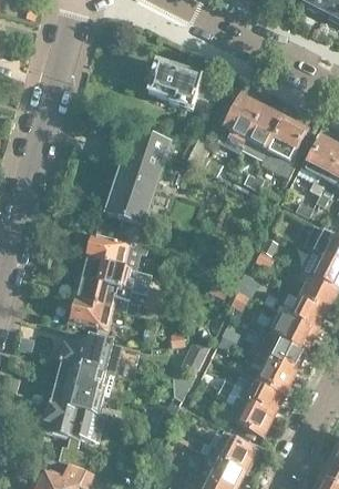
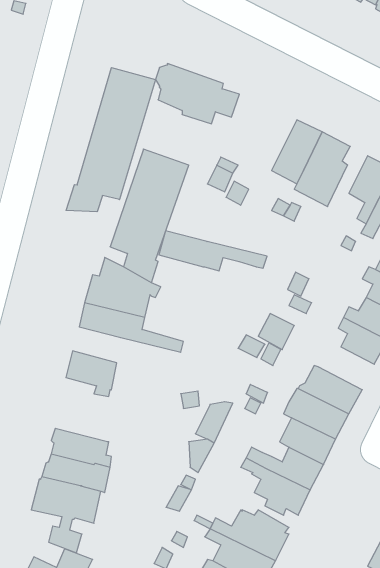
building: none -> [66,68,155,212]
building: [218,94,261,147] -> none
building: [75,277,165,310] -> [159,231,267,271]
building: [279,294,326,329] -> none
building: [60,333,117,373] -> none

